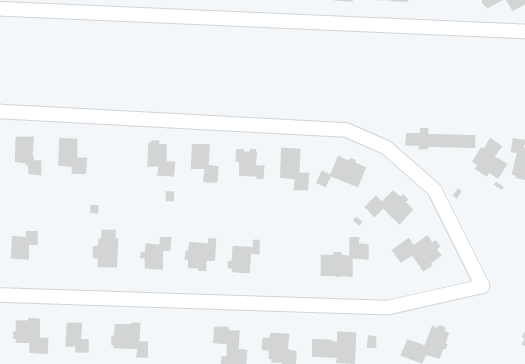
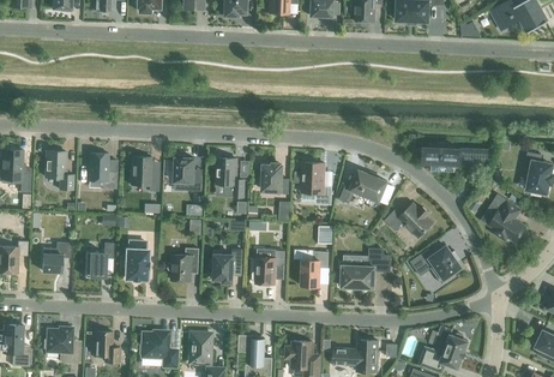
building: [471,137,508,180] -> [489,201,525,243]
building: none -> [131,156,159,191]
building: none -> [84,243,114,276]
building: none -> [301,251,329,286]
building: none -> [189,333,211,363]

